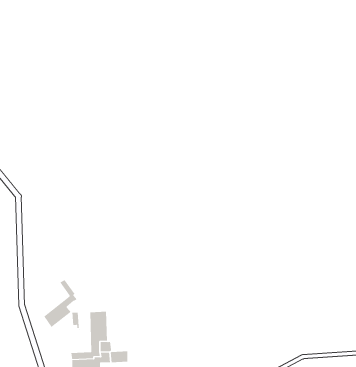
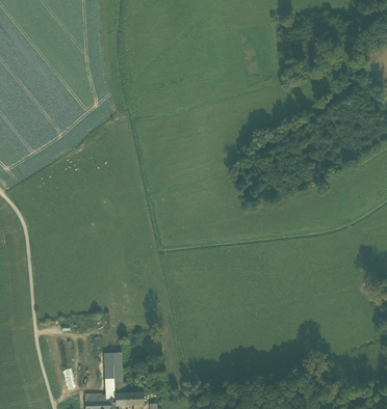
building: [43,279,77,328] -> none

